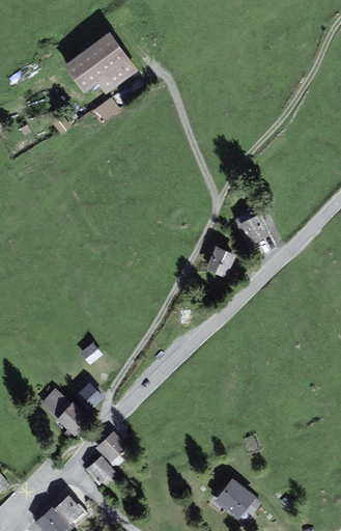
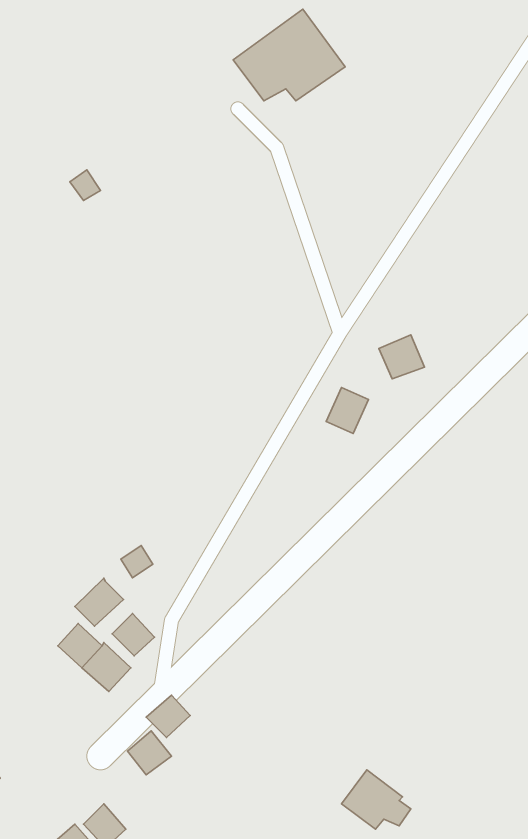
building: [66,32,135,88] -> [233,9,345,101]
building: none -> [75,578,123,626]

